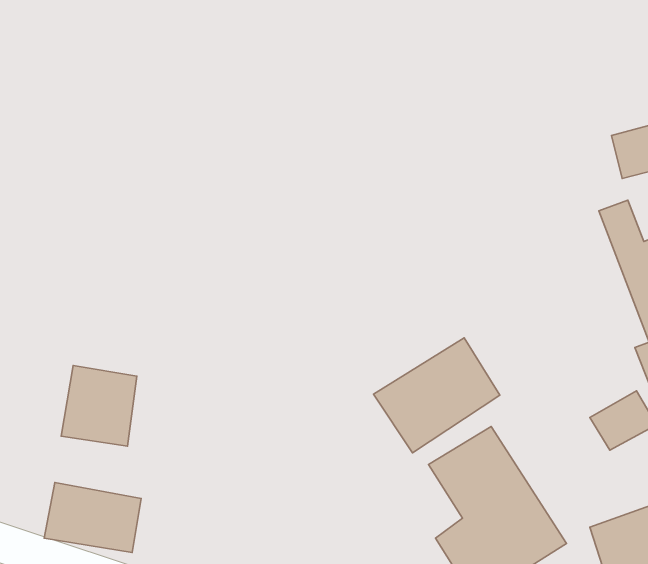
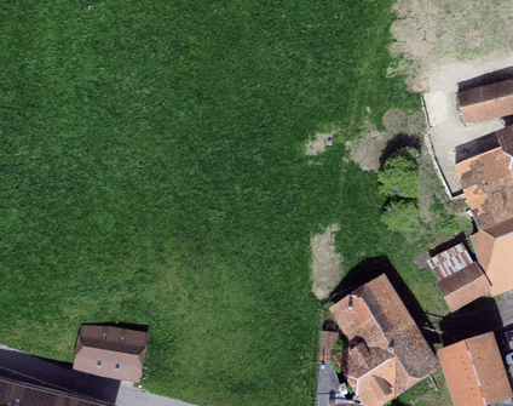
building: [374,338,500,453] -> none
building: [61,366,137,446] -> none

